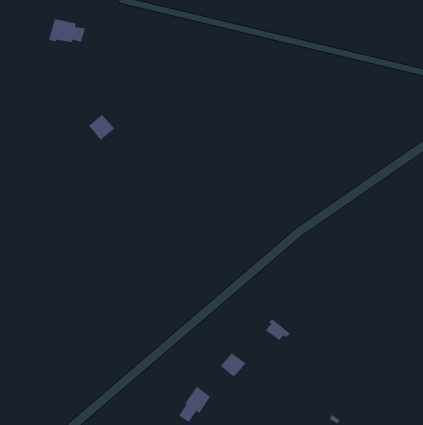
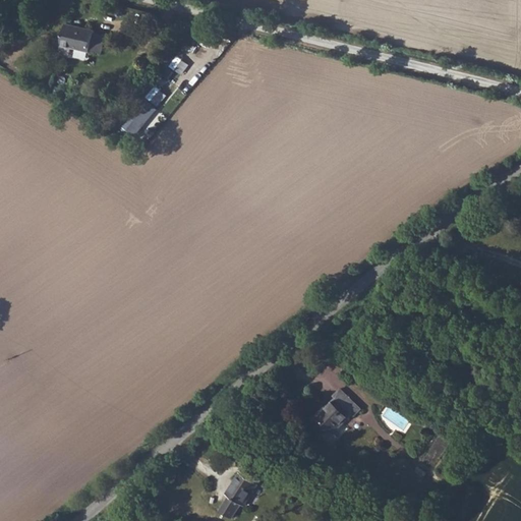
building: [88,114,115,141] -> [126,99,159,131]
building: [220,353,247,378] -> [309,404,342,435]

